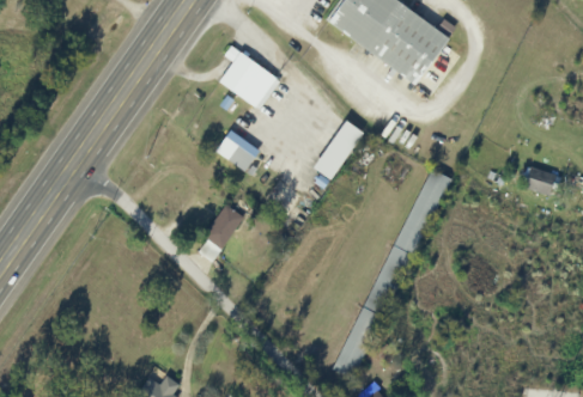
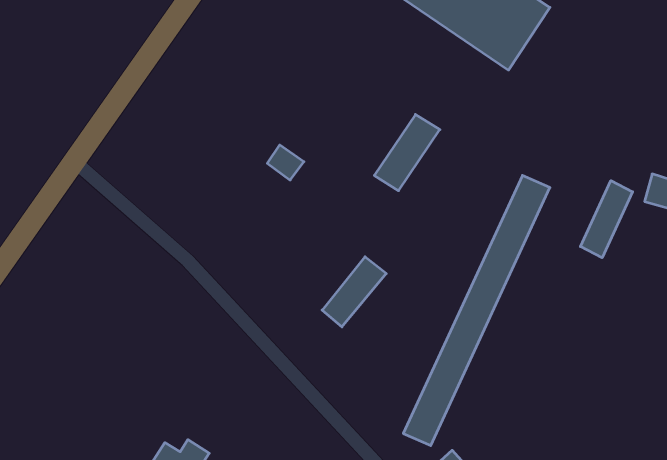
building: [218,45,278,106] -> none
building: none -> [580,181,633,258]
building: [195,203,245,258] -> [322,257,386,327]

